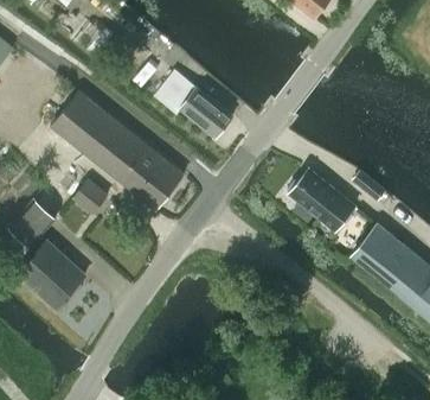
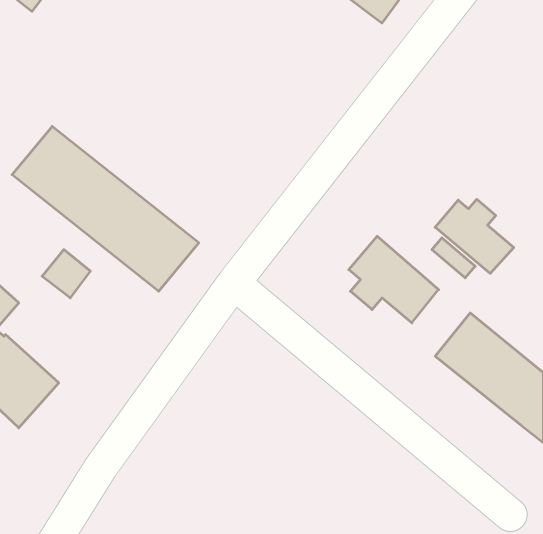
building: [154,69,232,138] -> none
building: none -> [435,199,514,273]

